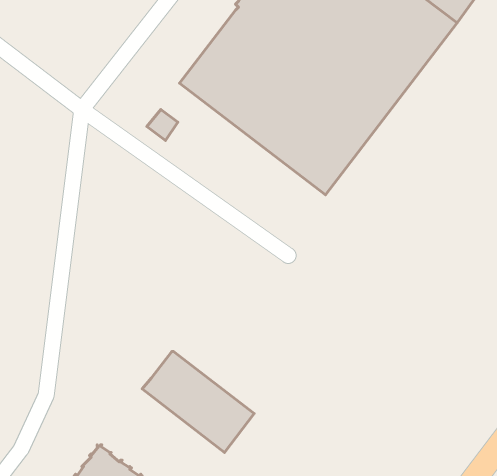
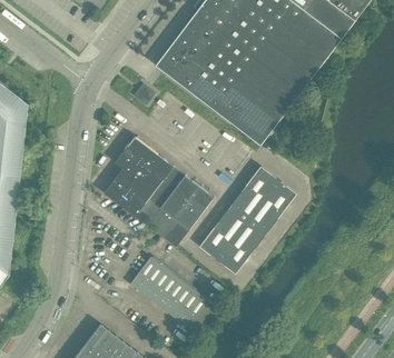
building: none -> [102,137,214,248]
building: none -> [199,166,296,274]

